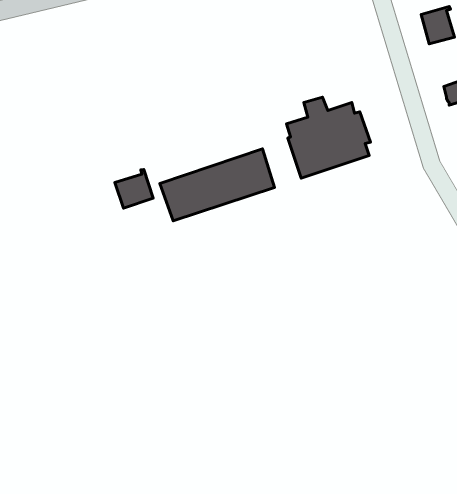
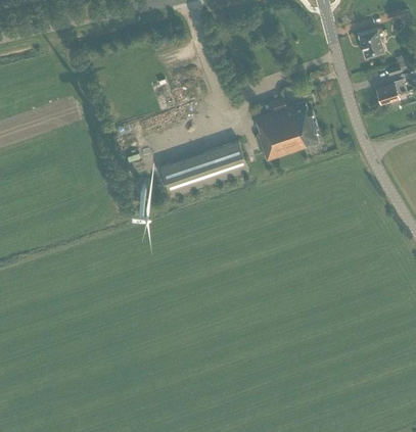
building: [115,169,153,208] -> none

